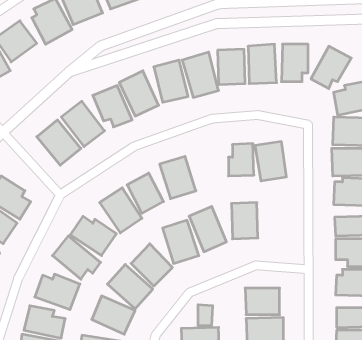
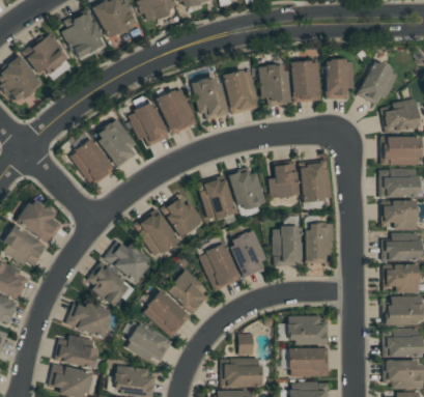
building: none -> [230,170,265,209]
building: none -> [305,223,333,262]

